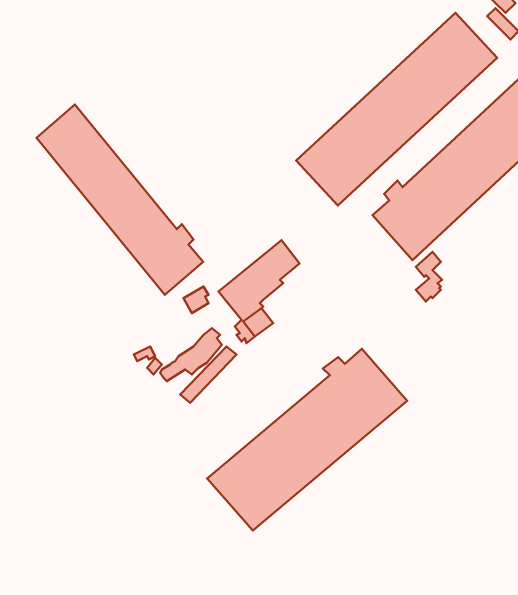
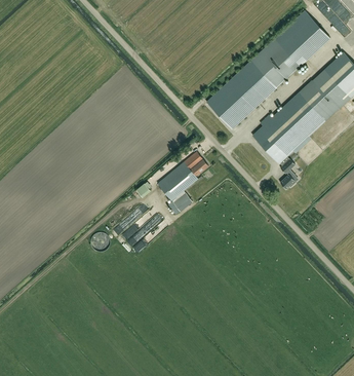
building: [37,105,203,295] -> none
building: [207,349,407,530] -> none

